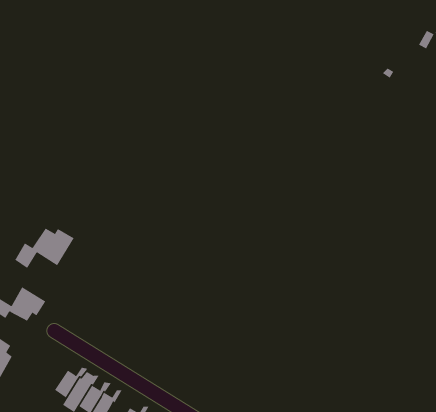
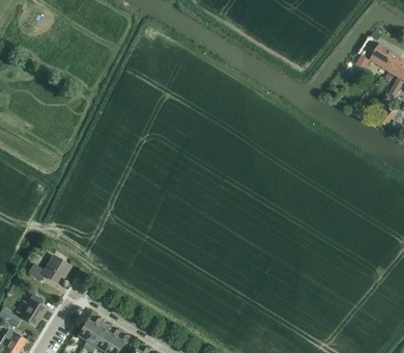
building: [15,228,74,269] -> none

